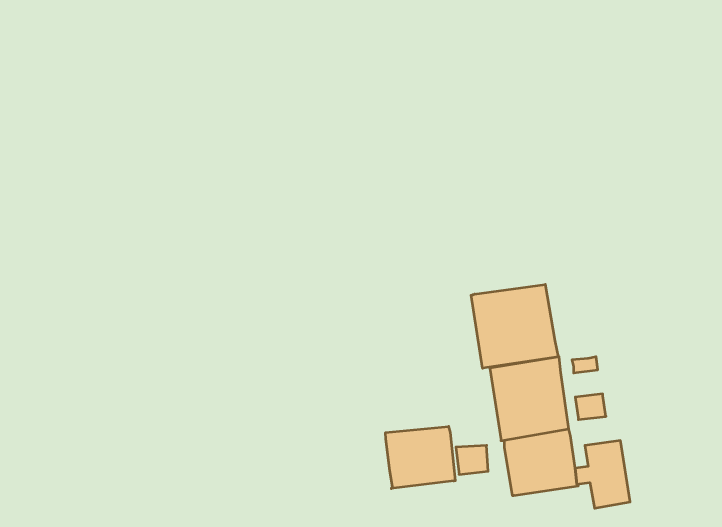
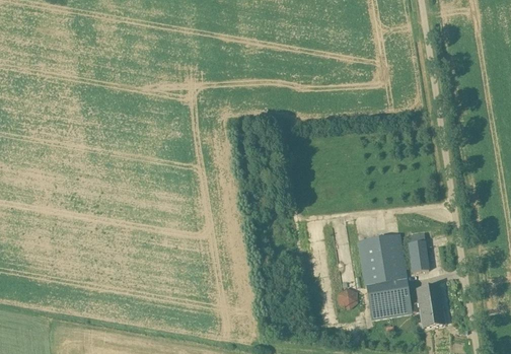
building: [471,284,558,368] -> none
building: [386,426,455,489] -> none

